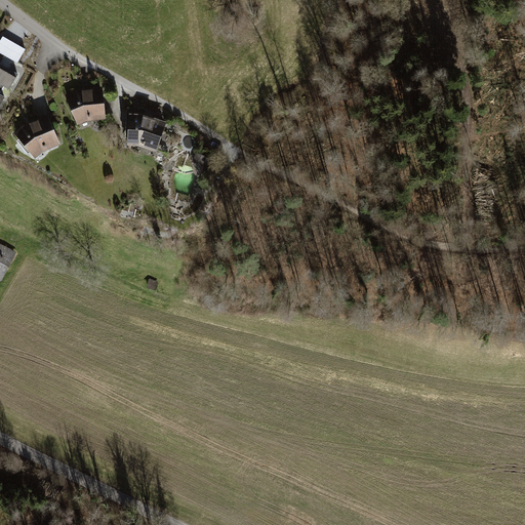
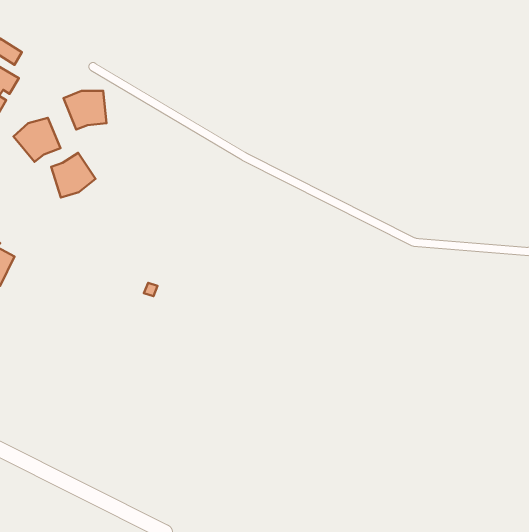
building: [126,113,165,153] -> none
building: none -> [51,153,95,198]

